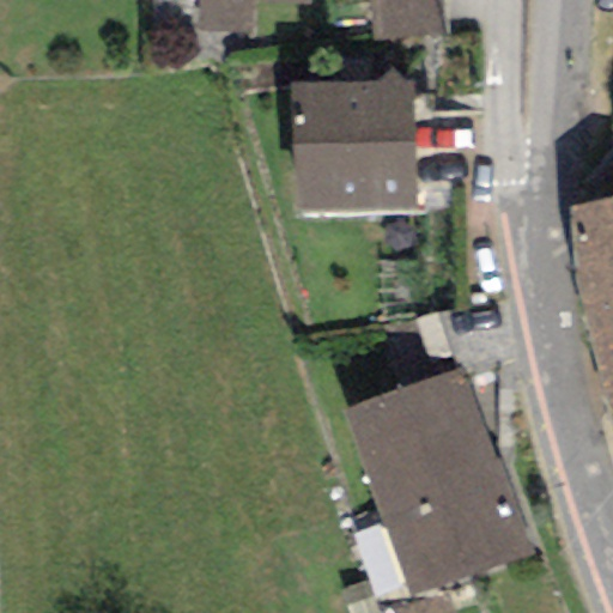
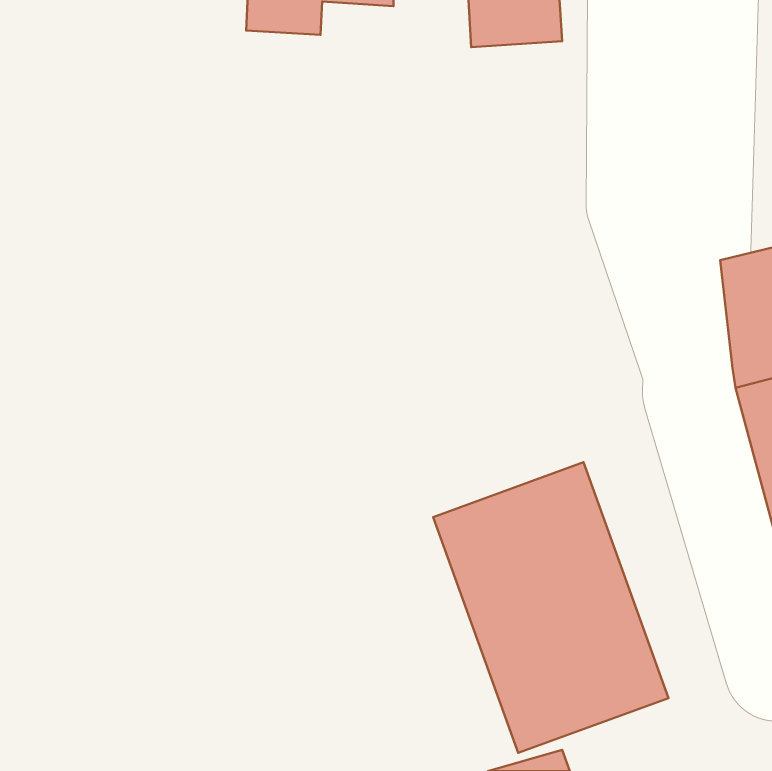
building: [295,77,418,210] -> none

